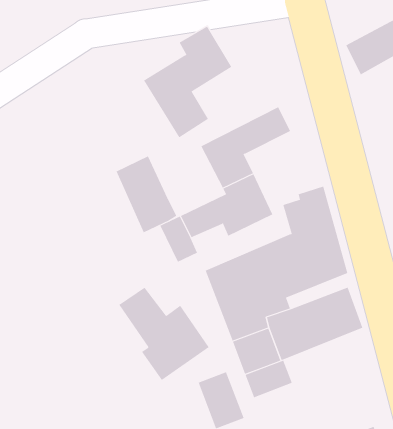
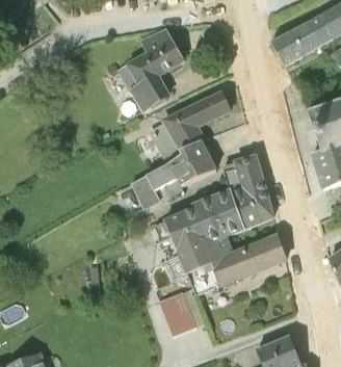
building: [116,156,177,233] -> none
building: [118,287,209,381] -> none
building: [245,360,292,398] -> none

